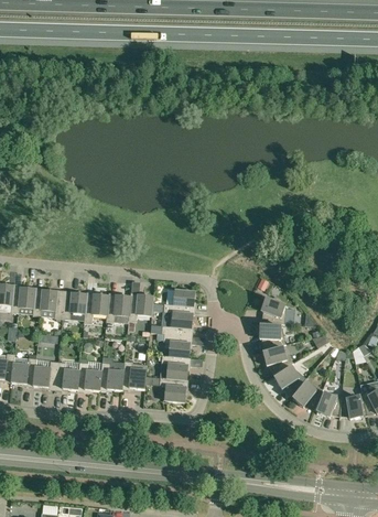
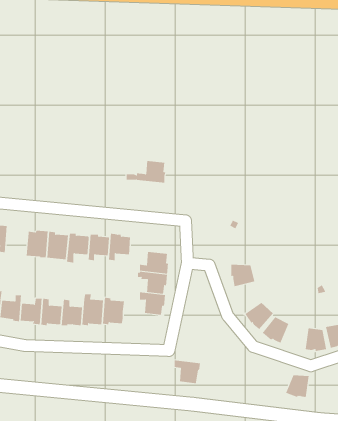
building: [18,283,42,315] -> none
building: [152,289,195,313] -> [126,160,166,183]
building: [260,297,294,324] -> none
building: [261,346,292,374] -> none
building: [159,376,187,401] -> [174,360,201,384]
building: [315,391,342,418] -> [285,375,309,399]

